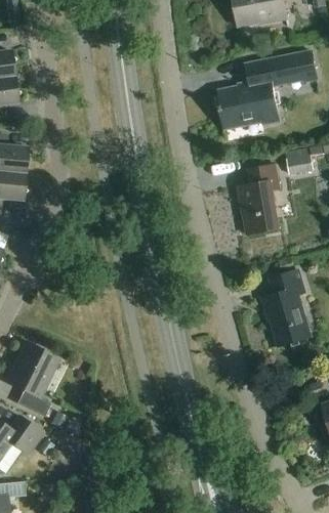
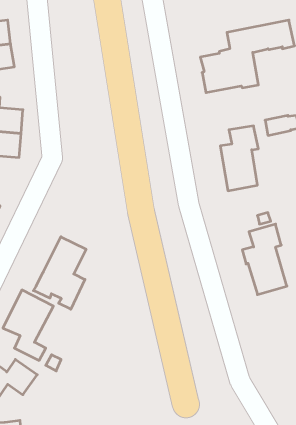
building: none -> [33,237,86,309]

